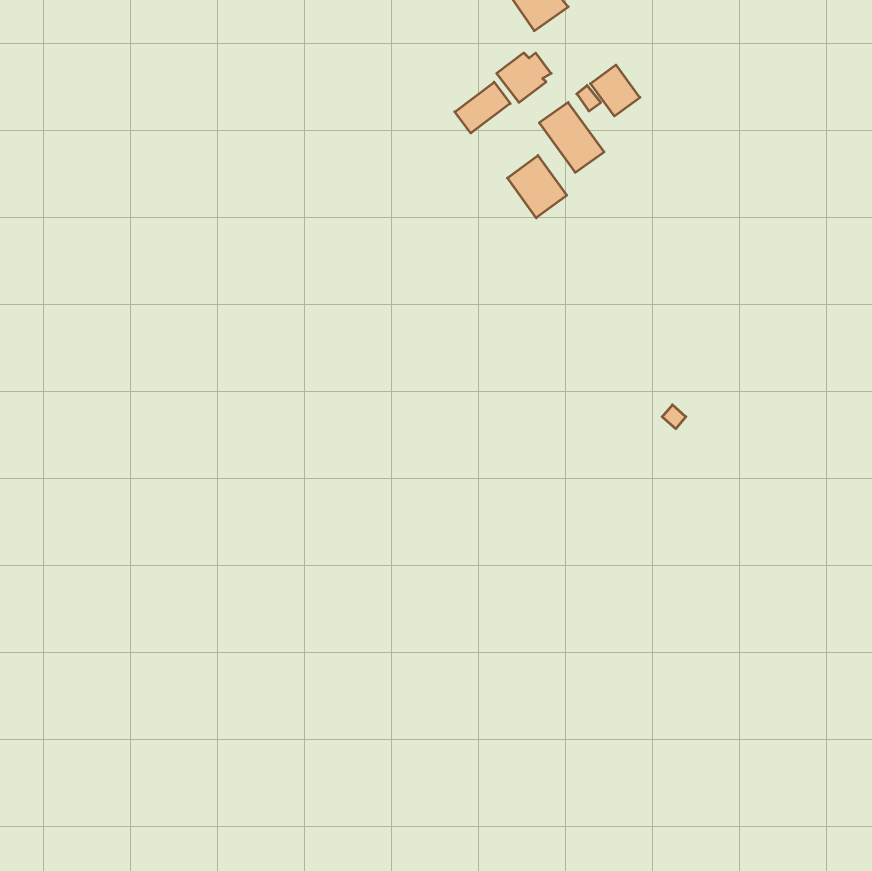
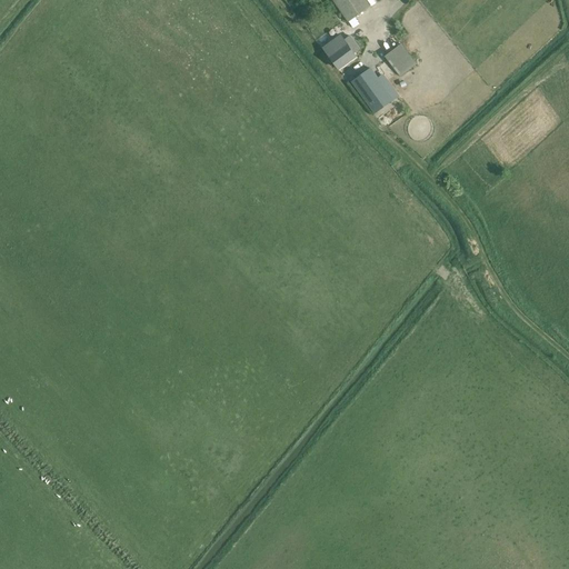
building: [455,82,510,133] -> none
building: [507,155,567,218] -> none

